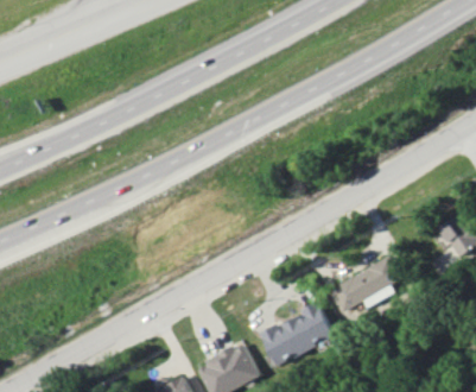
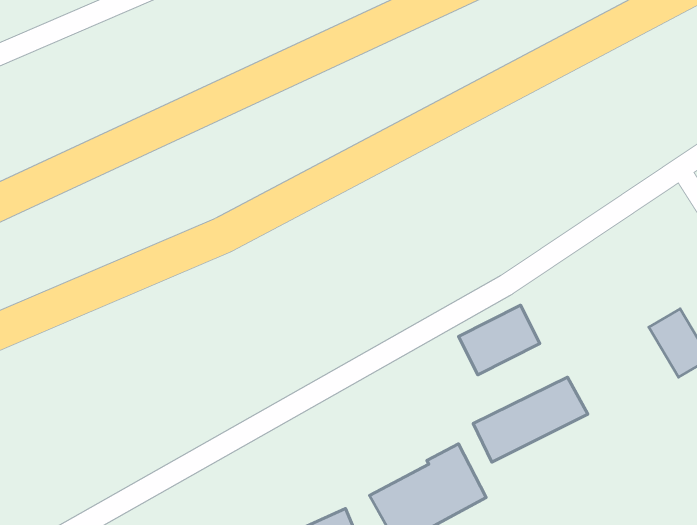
building: none -> [458,305,540,375]

